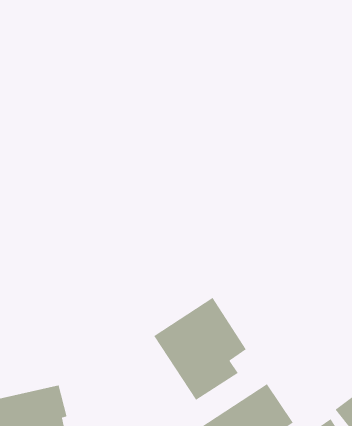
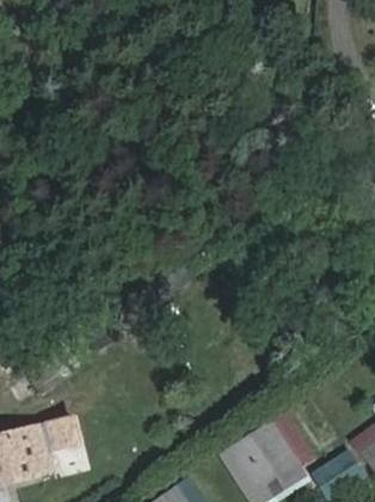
building: [153,297,247,401] -> none

